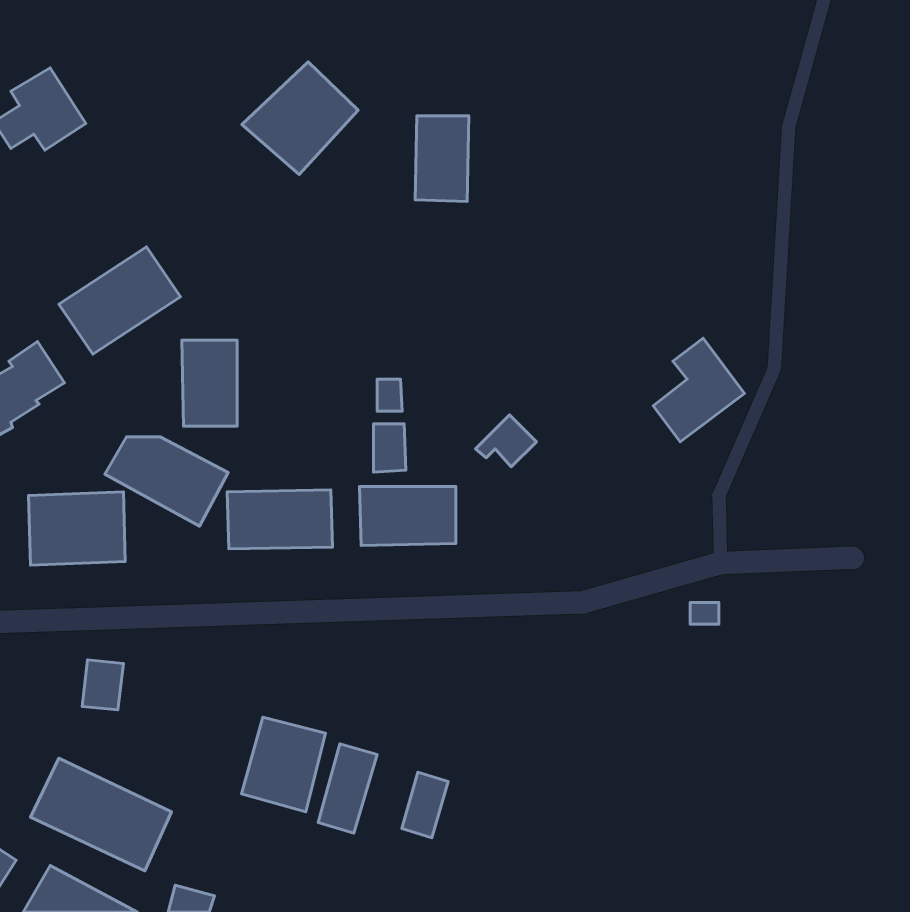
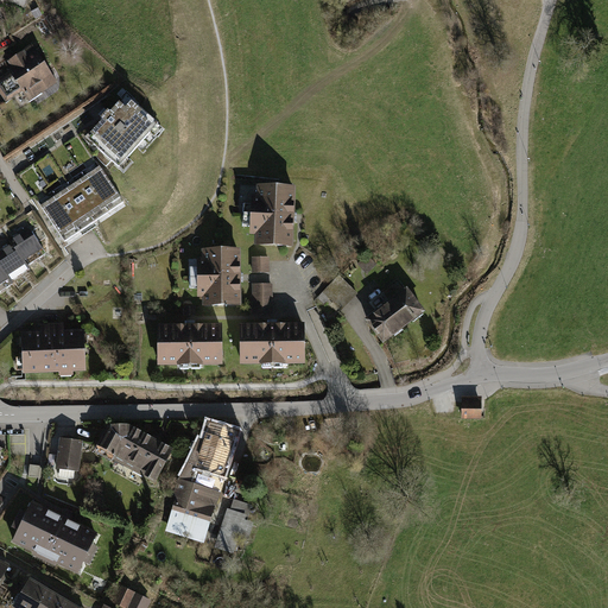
building: [242,62,358,174] -> [84,94,162,169]
building: [415,116,469,202] -> [252,188,287,245]
building: [653,338,744,442] -> [368,277,429,346]
building: [182,340,237,426] -> [202,249,239,306]
building: [105,437,228,526] -> [90,423,172,482]
building: none -> [191,419,235,474]
building: [402,772,448,838] -> none

